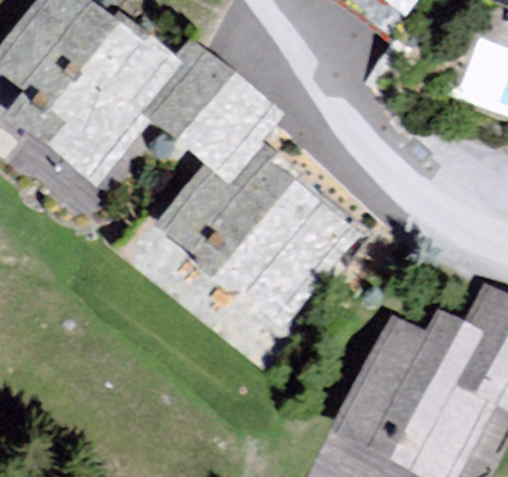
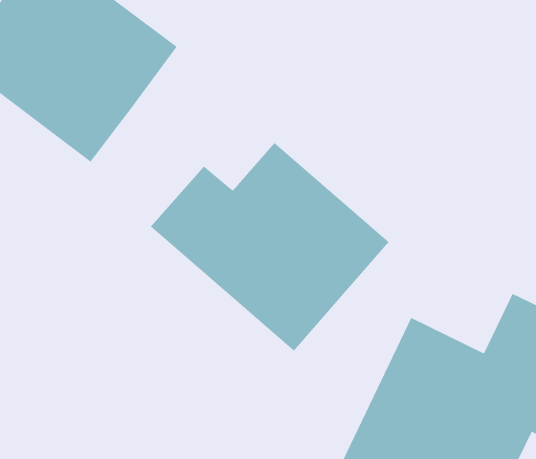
building: [135,34,295,192] -> none

